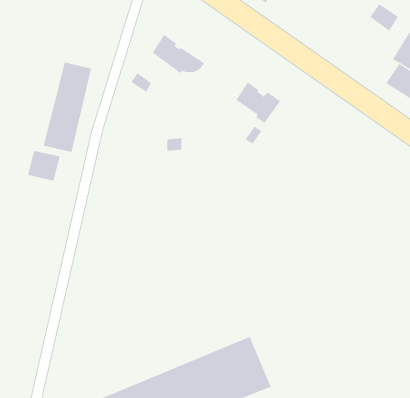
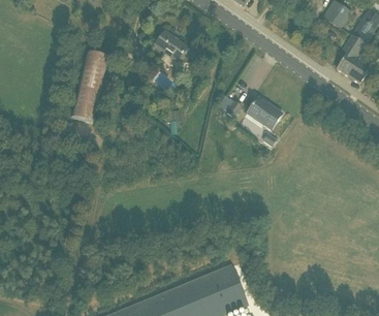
building: [236,81,281,124] -> [247,97,282,130]
building: [28,150,60,181] -> none

